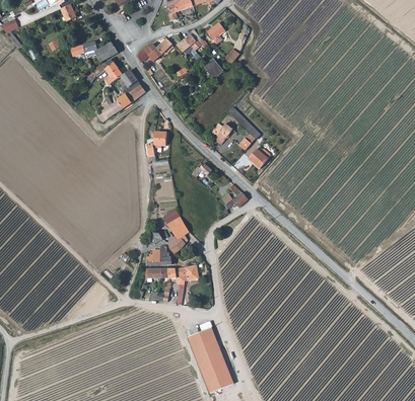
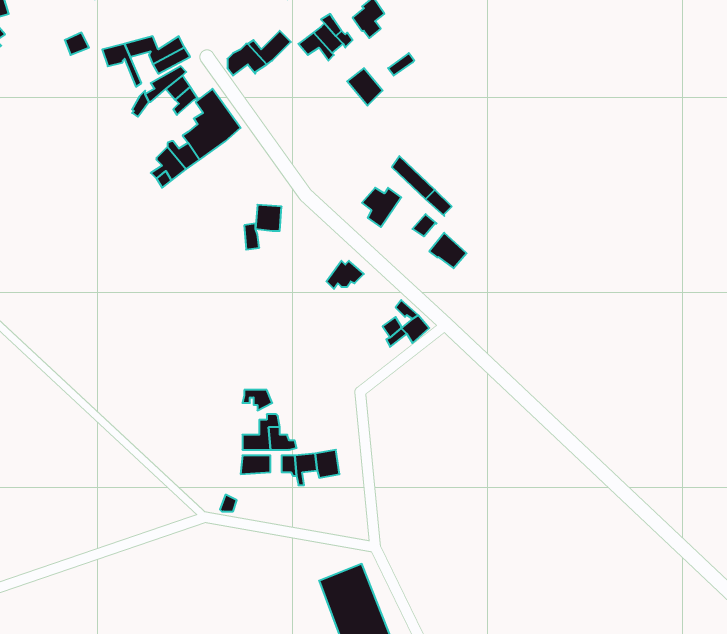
building: [165,217,188,254] -> none

